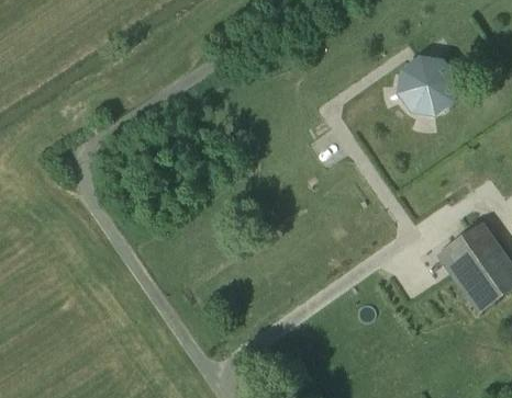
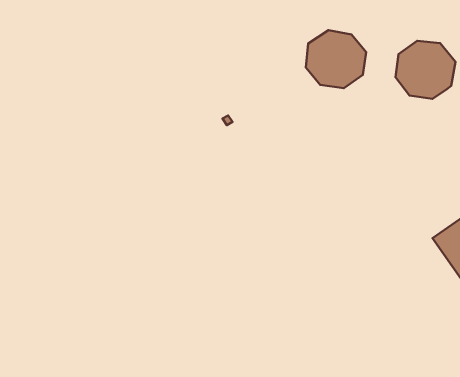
building: none -> [306,30,366,88]

